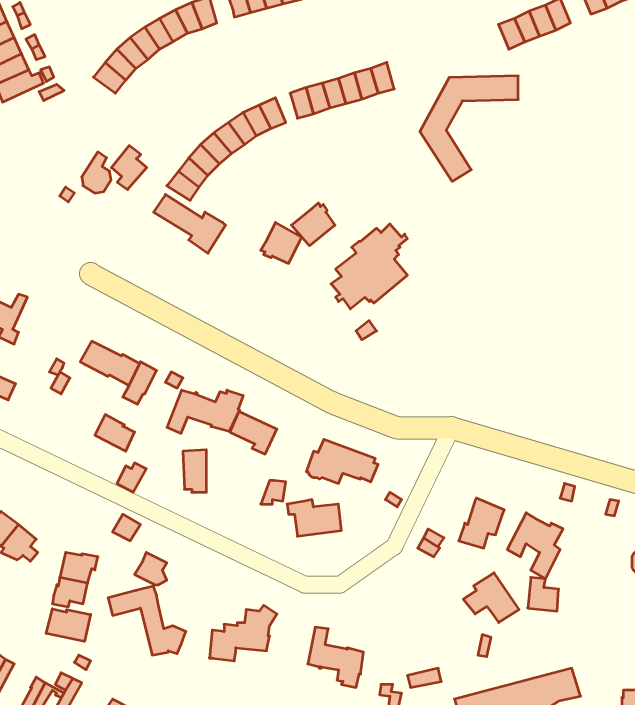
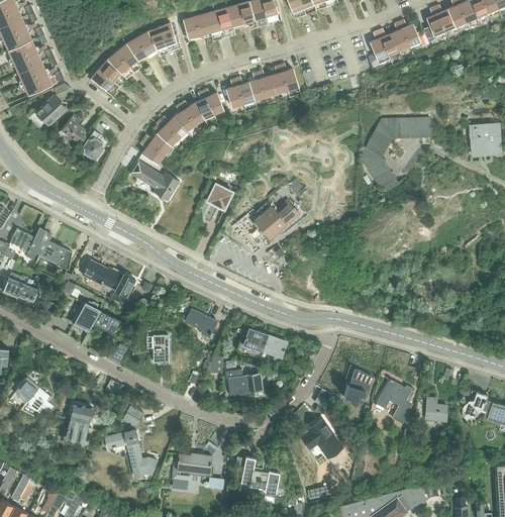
building: [420,76,518,181] -> [362,119,429,192]
building: none -> [35,96,66,126]
building: [111,146,147,190] -> [61,115,85,145]
building: [291,203,335,246] -> none
building: none -> [35,230,72,270]
building: [167,390,243,433] -> none
building: none -> [74,302,100,331]
building: [463,573,519,623] -> [301,420,339,454]
building: [528,577,559,611] -> [424,399,445,422]
building: [46,609,91,641] -> none

